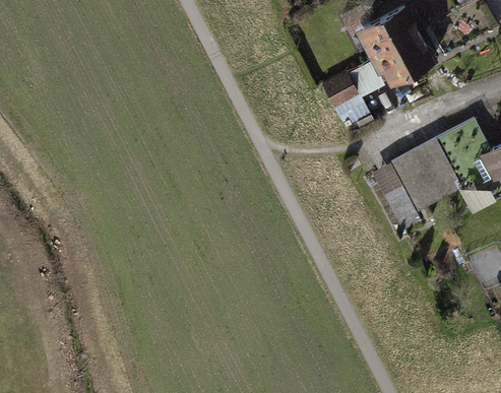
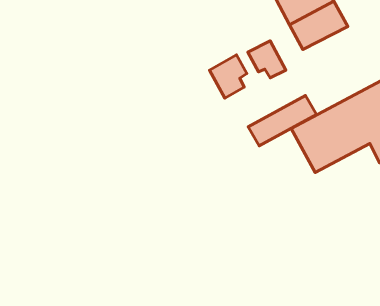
building: none -> [210,55,247,98]
building: none -> [248,96,317,146]

